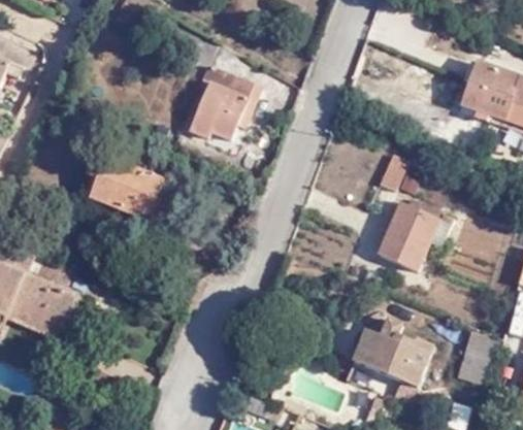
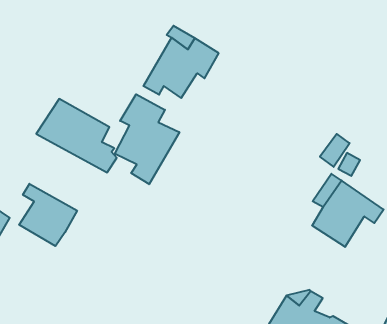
building: none -> [115,94,179,184]
building: none -> [19,184,77,246]

